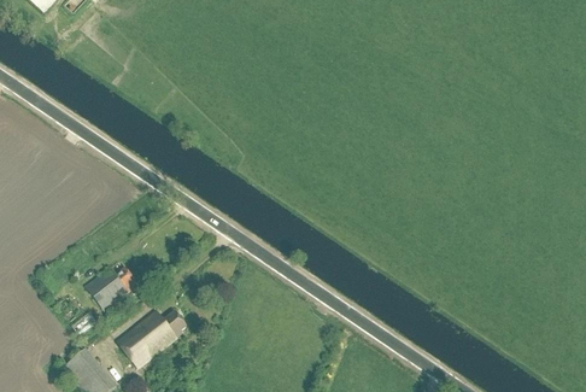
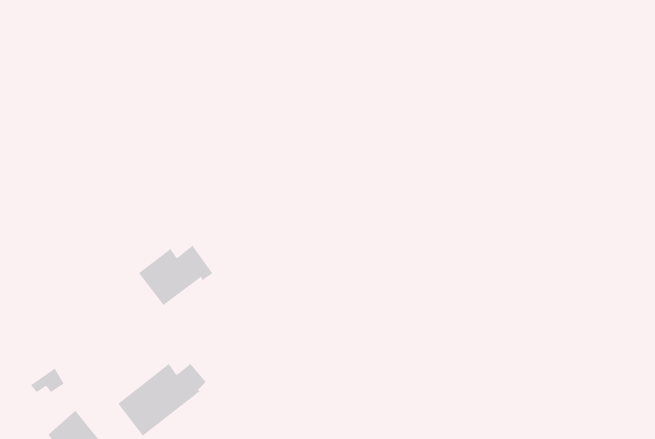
building: [82,265,140,312] -> [138,245,213,306]

